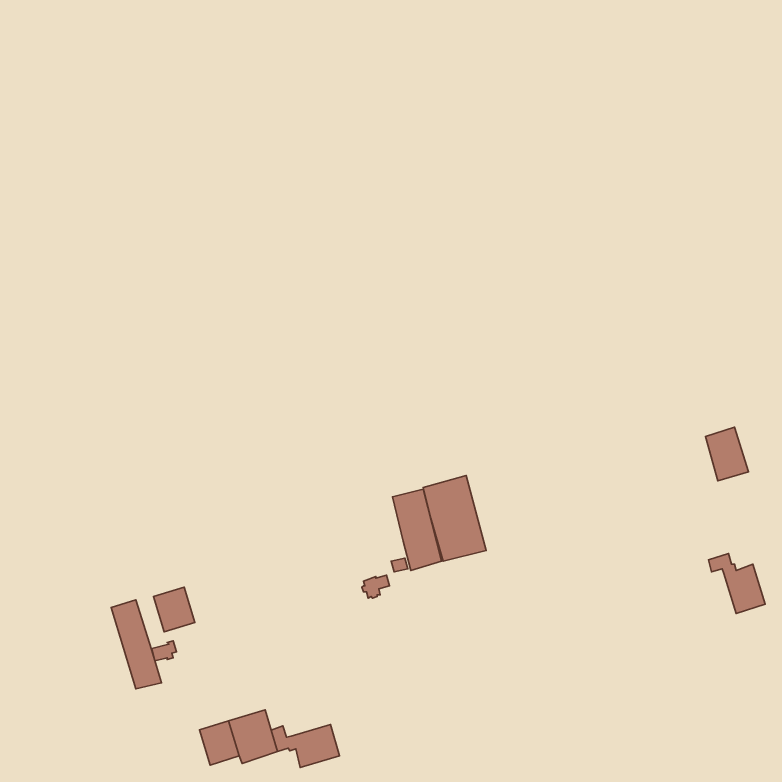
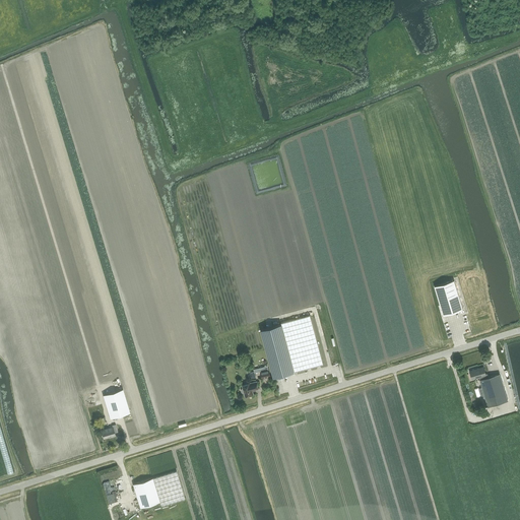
building: [705,427,748,481] -> [434,280,462,316]
building: [111,600,161,689] -> none
building: [271,724,340,768] -> none

